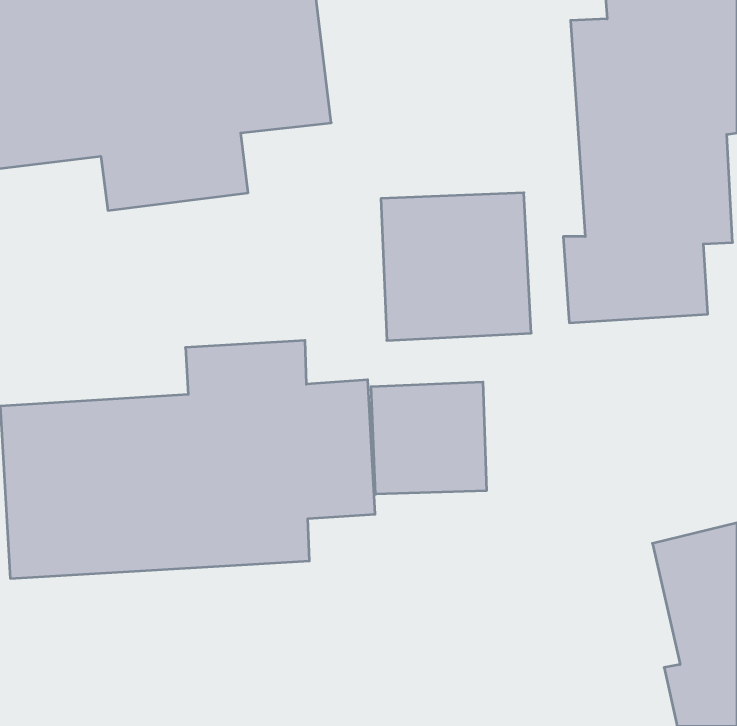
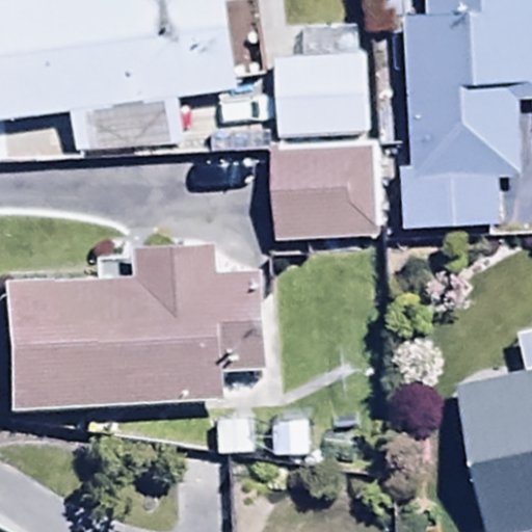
building: none -> [273,52,364,134]
building: [371,382,486,494] -> none

